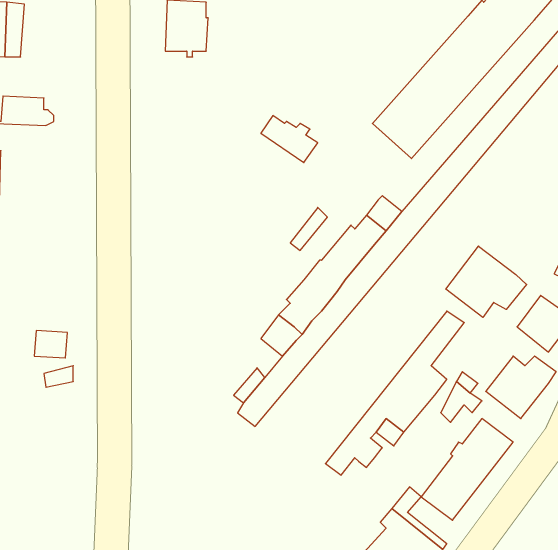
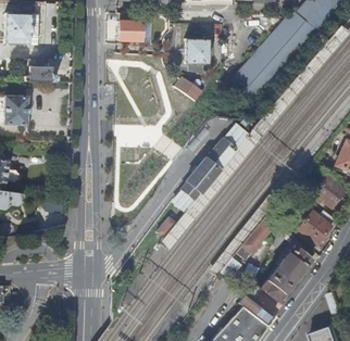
building: none -> [182,39,204,64]
building: [446,246,527,317] -> none

